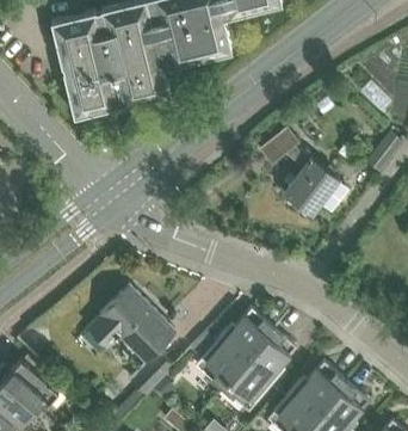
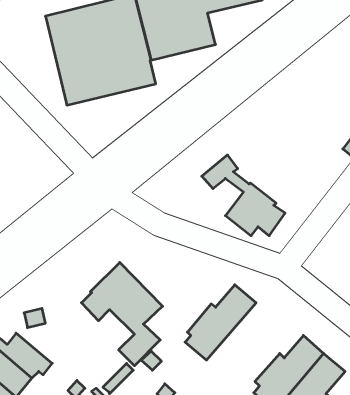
building: [260,128,348,214] -> [202,155,285,236]
building: [222,327,296,407] -> none

